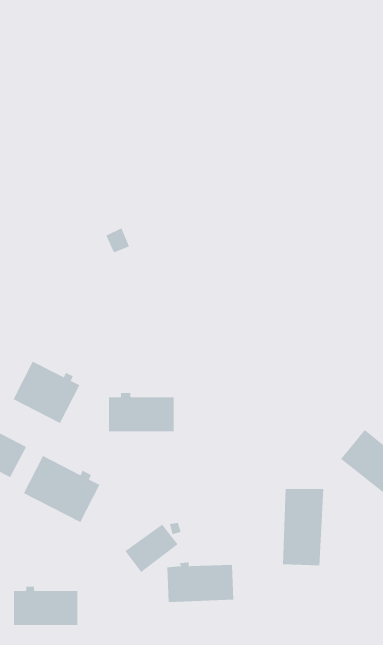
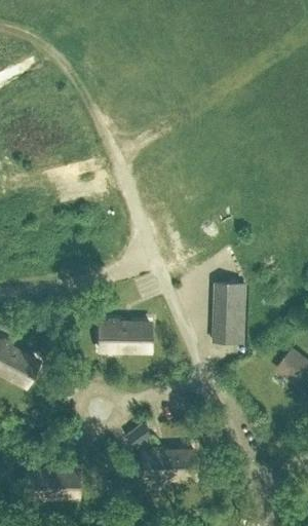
building: [13,361,80,424] -> none
building: [23,455,100,523] -> none
building: [282,489,324,566] -> [213,283,244,341]

